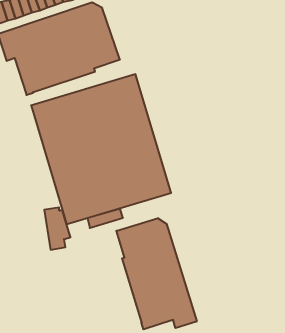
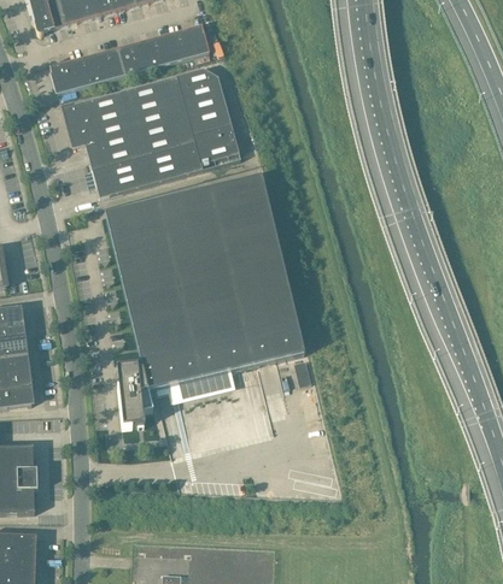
building: [116,218,197,329] -> none

